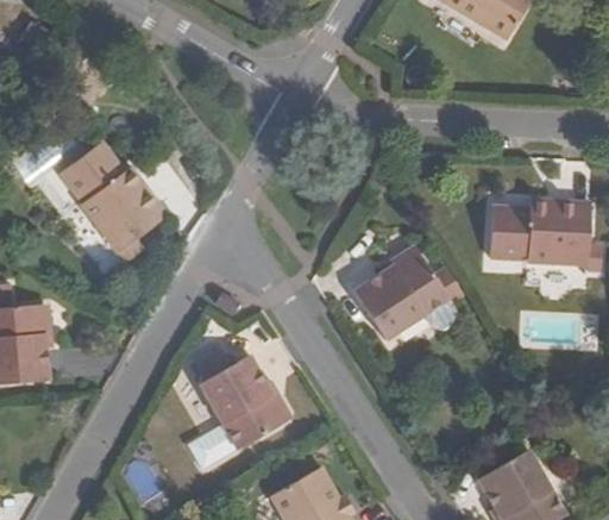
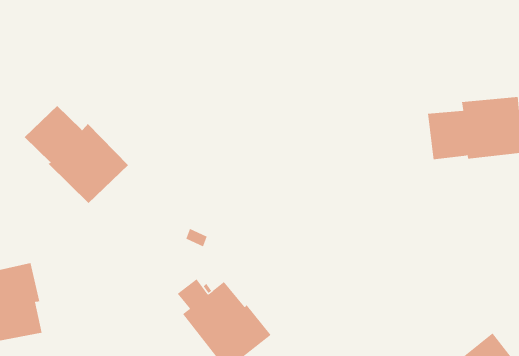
building: [353,248,447,339] -> none

